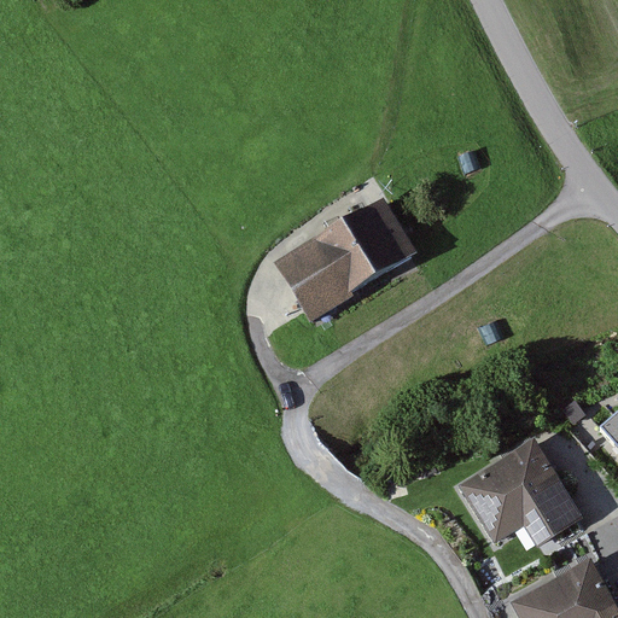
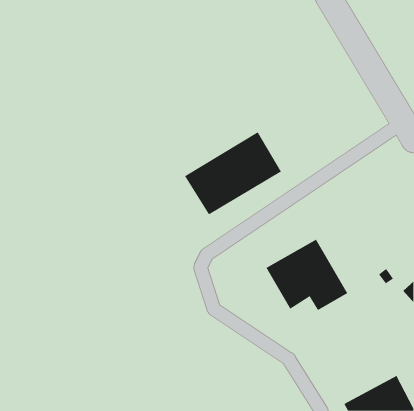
building: [459,439,582,547] -> [265,239,348,311]

